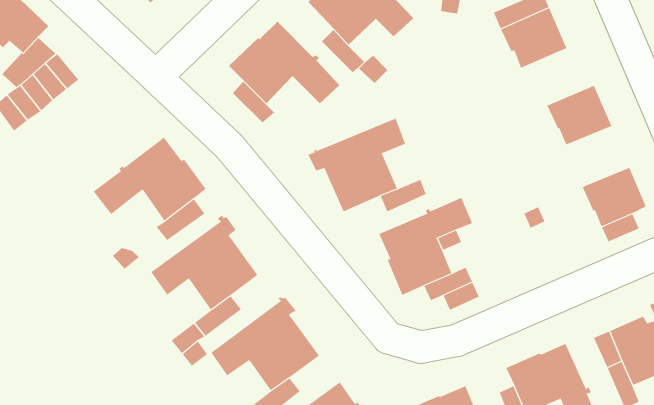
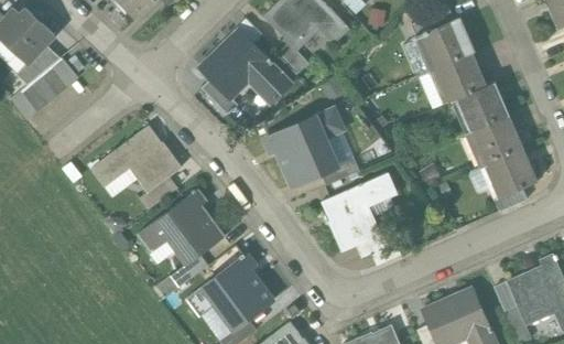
building: none -> [433,53,487,101]
building: none -> [470,116,523,164]

